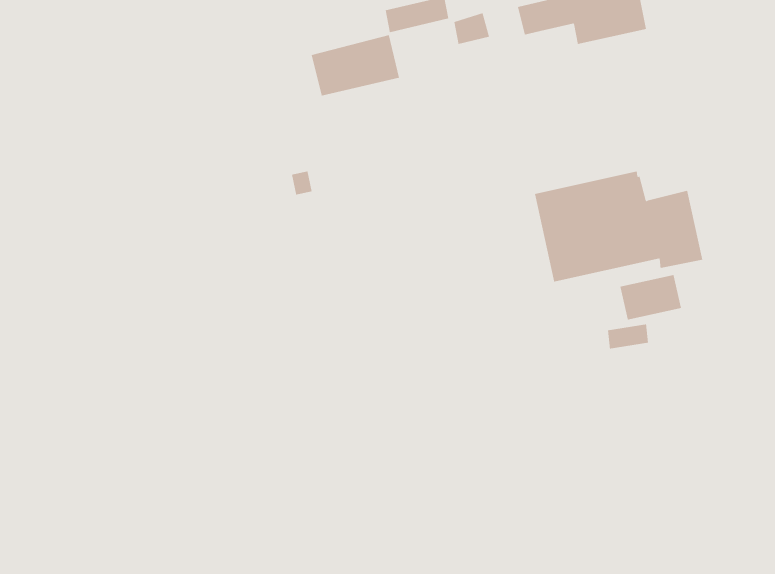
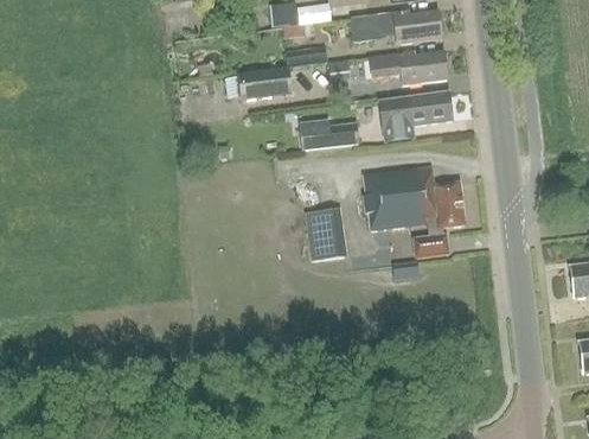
building: none -> [380,93,453,140]
building: none -> [300,117,359,148]
building: none -> [306,208,346,260]

